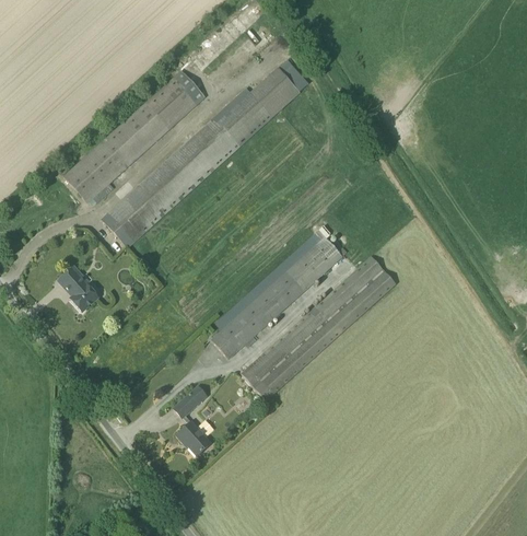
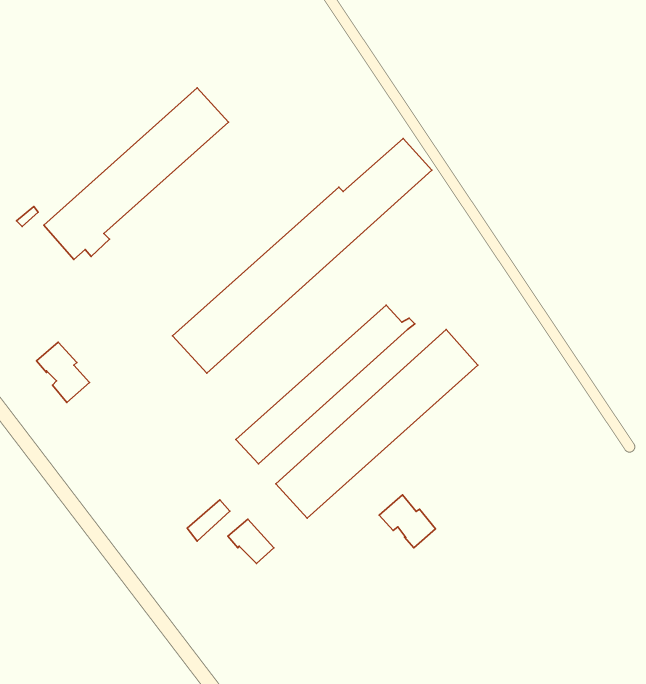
building: [101,67,298,246] -> [173,139,432,373]
building: none -> [379,495,435,548]
building: [175,421,210,455] -> [228,519,274,563]

